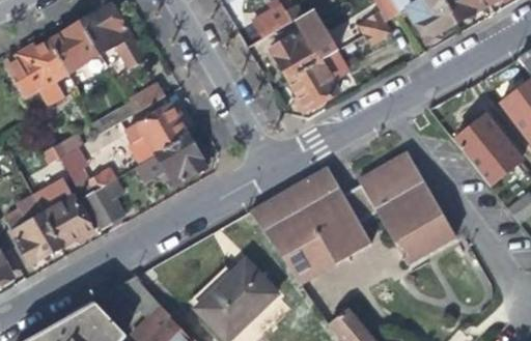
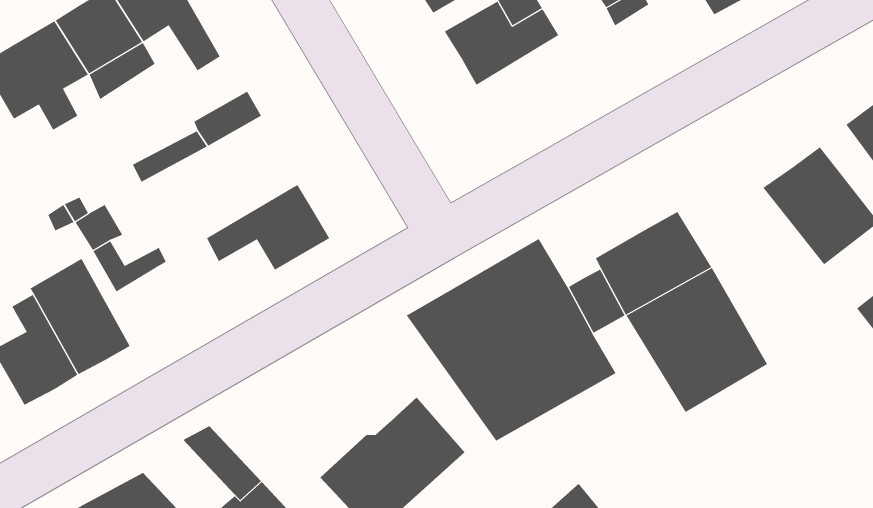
building: [289,50,350,110] -> none
building: [124,105,187,164] -> none
building: [82,183,122,226] -> none

